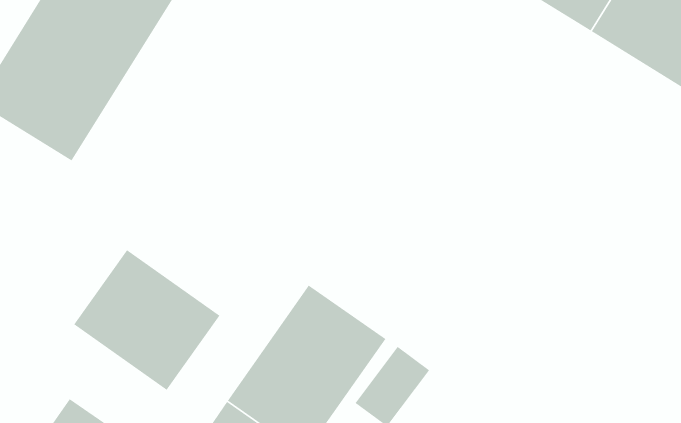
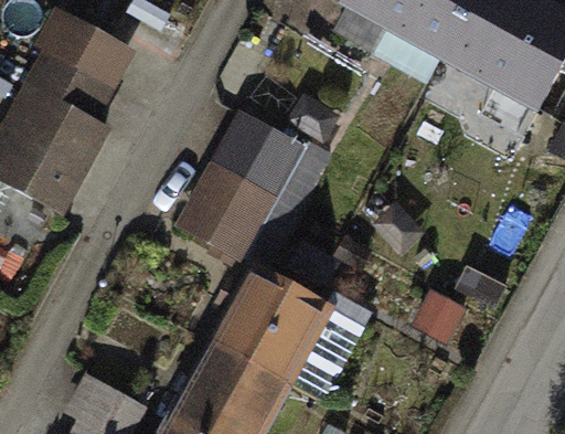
building: none -> [179,115,295,255]
building: [73,249,221,391] -> none

